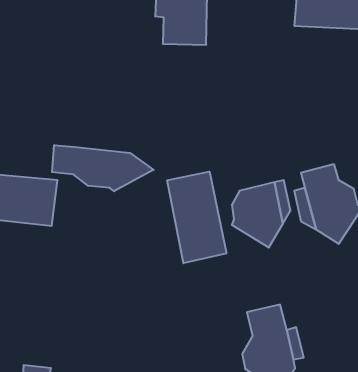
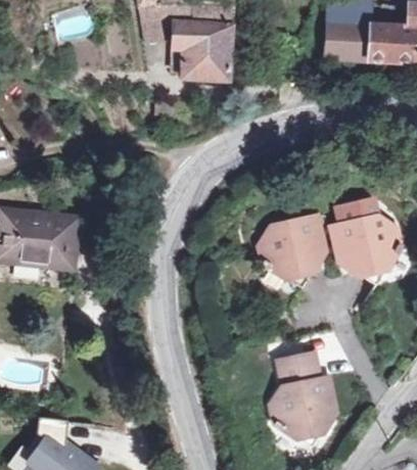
building: [52,145,154,191] -> none
building: [167,172,226,263] -> none

